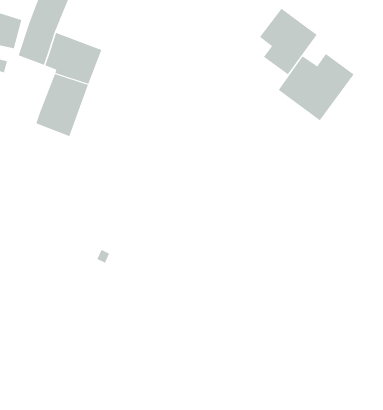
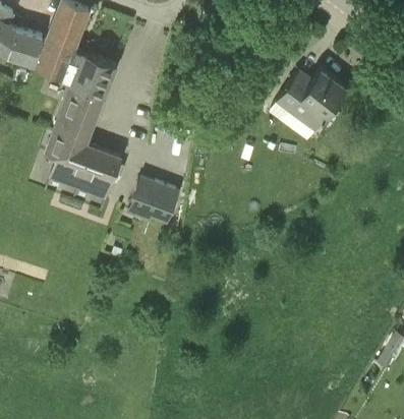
building: [259,8,318,75] -> none
building: none -> [45,132,121,199]
building: none -> [127,175,179,224]

